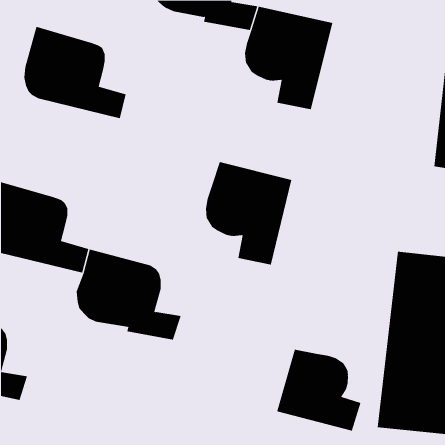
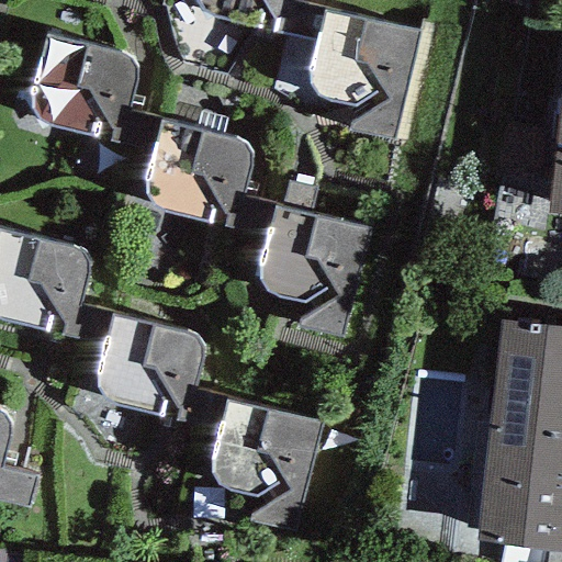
building: none -> [144,120,277,235]
building: none -> [212,398,324,530]
building: [277,349,361,431] -> none

